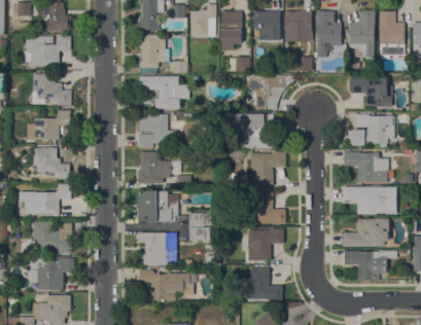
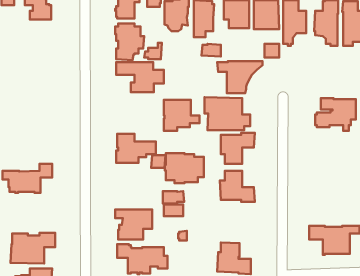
building: [25,35,71,66] -> none
building: [32,73,71,106] -> none
building: [351,77,392,106] -> none
building: [29,110,70,140] -> none
building: [139,114,177,147] -> [164,100,200,131]
building: [33,147,70,179] -> none
building: [344,151,388,182] -> none
building: [343,186,388,214] -> none
building: [137,190,178,222] -> [165,153,204,183]
building: [343,218,390,247] -> none
building: [33,221,72,253] -> none
building: [248,228,284,260] -> none

